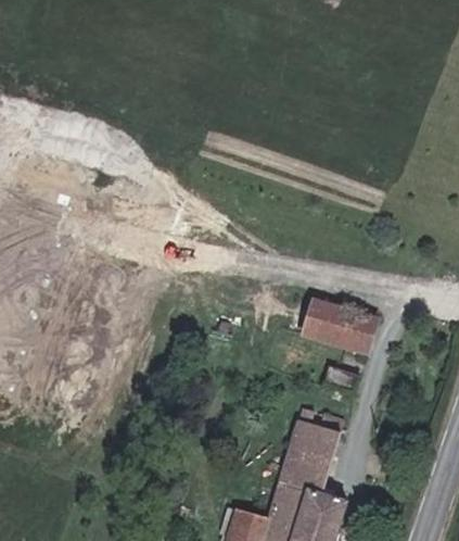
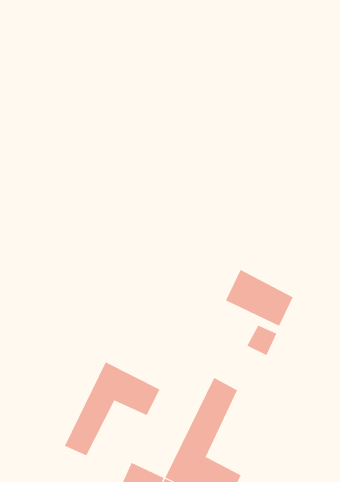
building: none -> [64,362,160,456]

